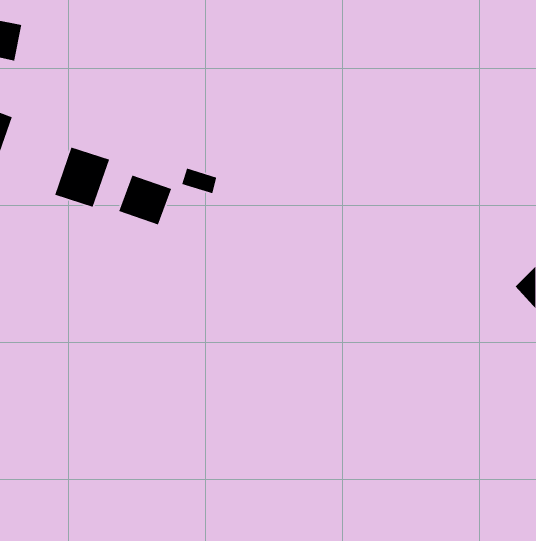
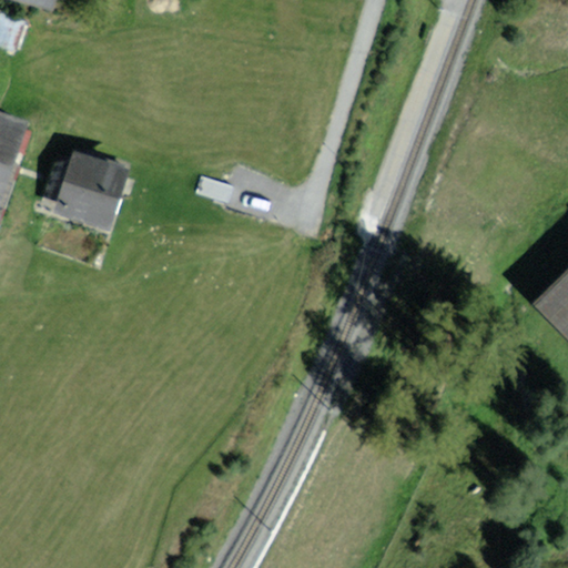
building: [118,174,172,225] -> none

